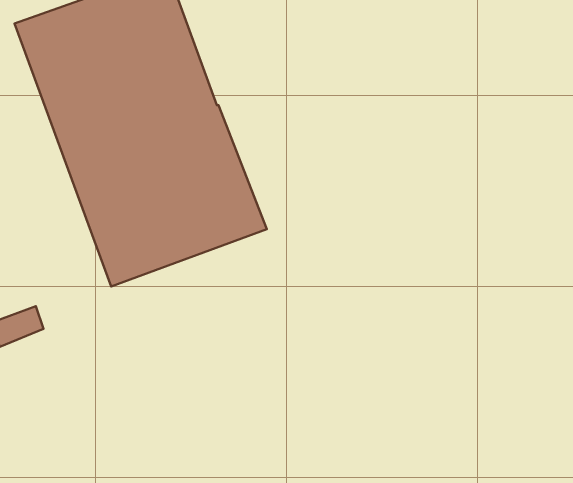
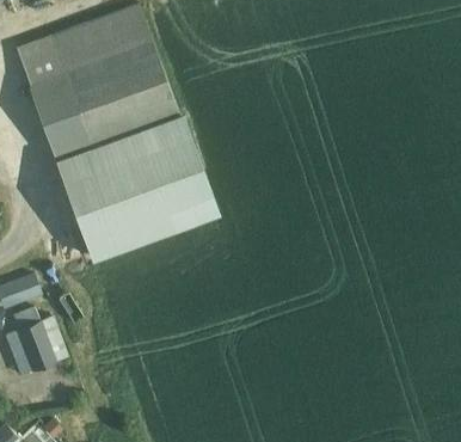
building: none -> [11,308,66,370]

